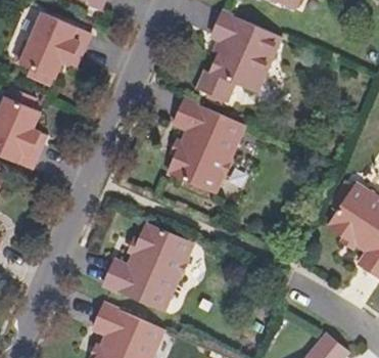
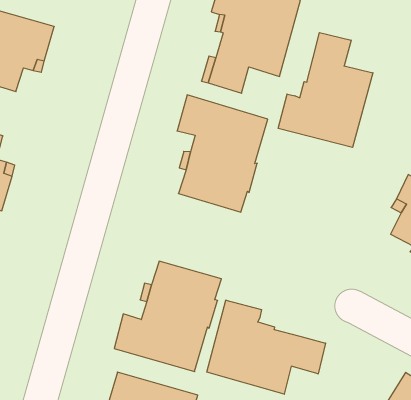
building: none -> [278,33,373,147]
building: none -> [207,300,326,394]

